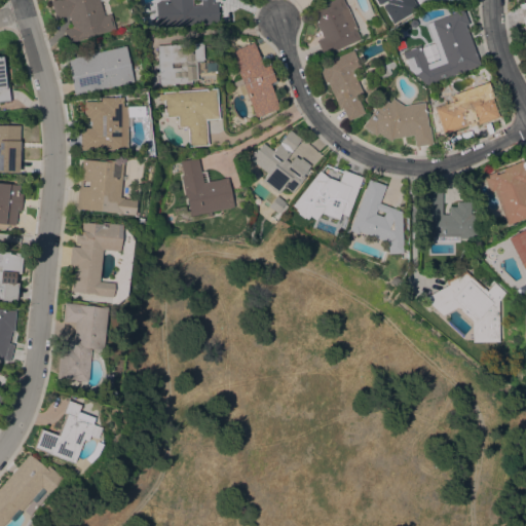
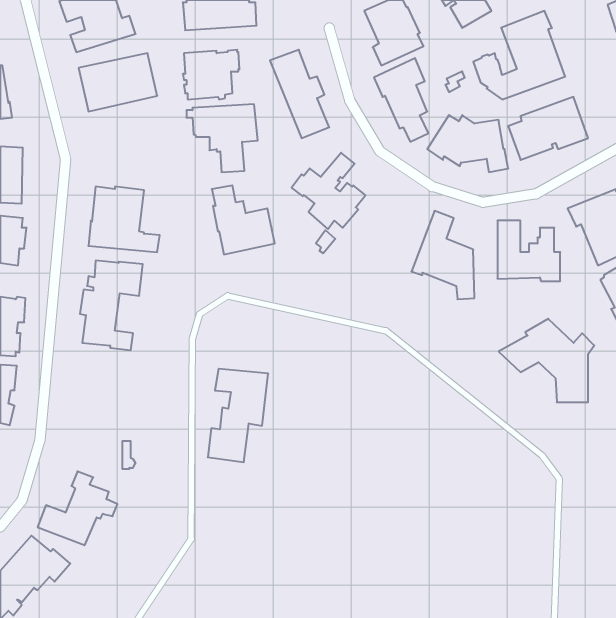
building: [82,98,132,151] -> none
building: [294,171,363,220] -> none
building: [57,303,108,382] -> [208,369,268,462]

